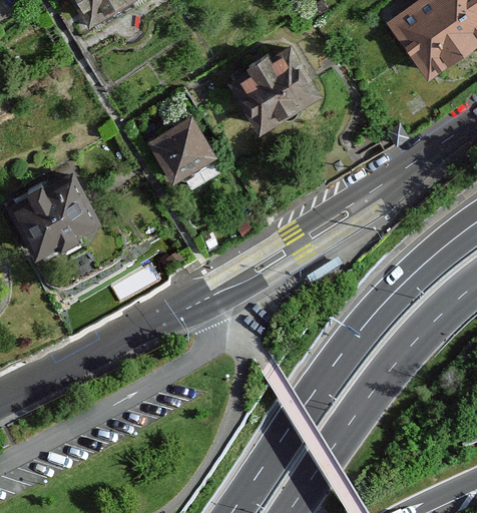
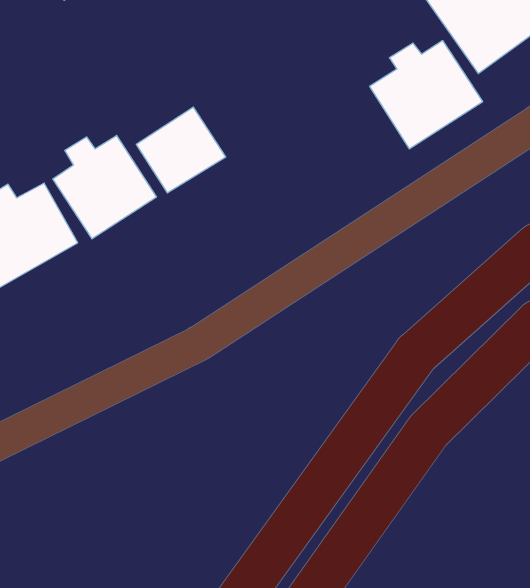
building: [231,46,323,133] -> [370,41,483,149]
building: none -> [53,135,156,239]

